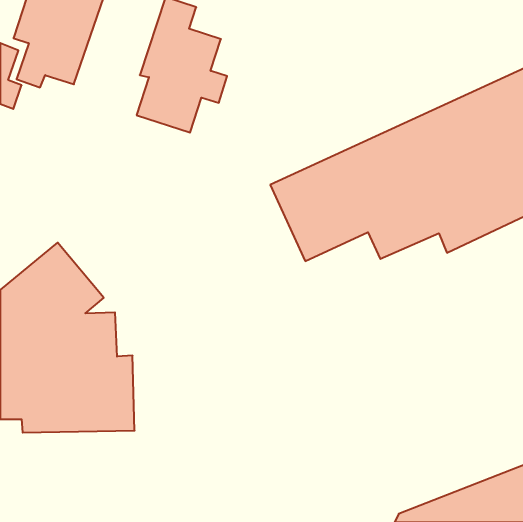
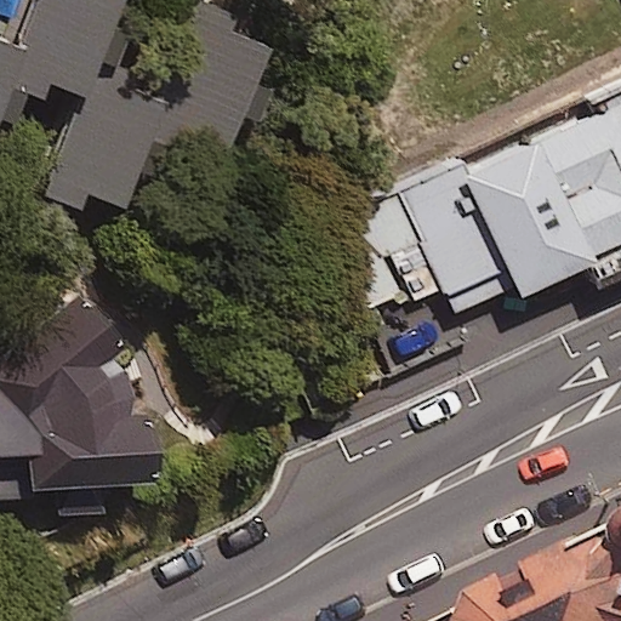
building: none -> [42,75,161,212]

